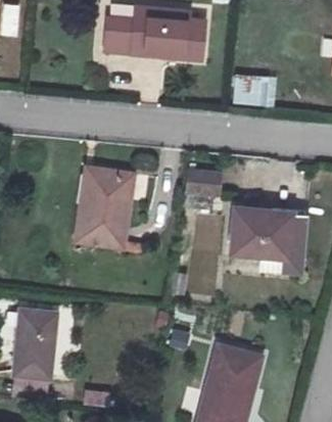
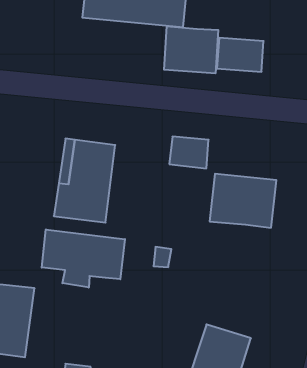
building: none -> [164,26,218,73]
building: [258,210,312,274] -> none
building: none -> [42,229,125,288]

